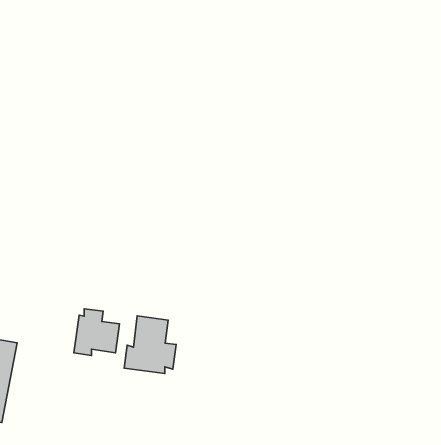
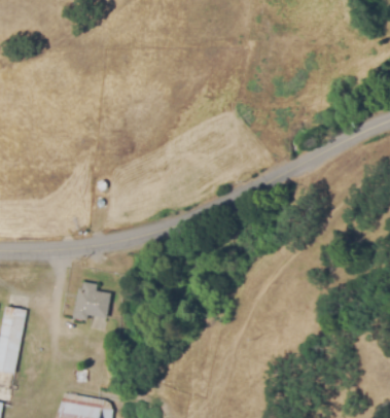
building: [124,316,176,374] -> none

